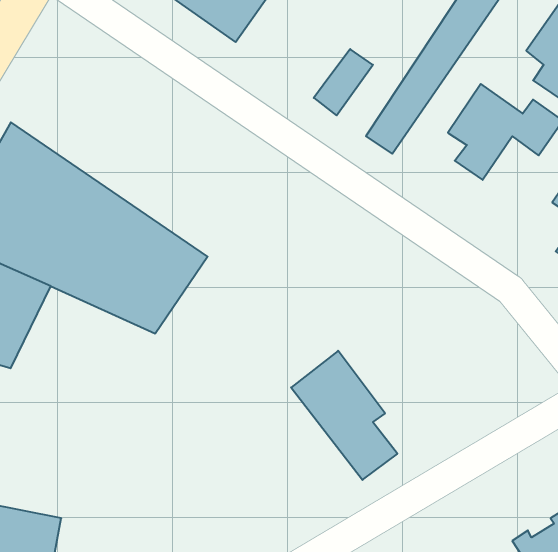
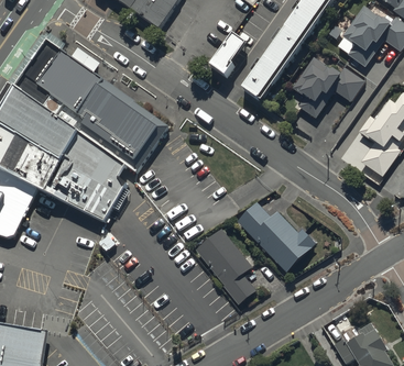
building: none -> [15,38,168,166]
building: none -> [237,204,312,270]

